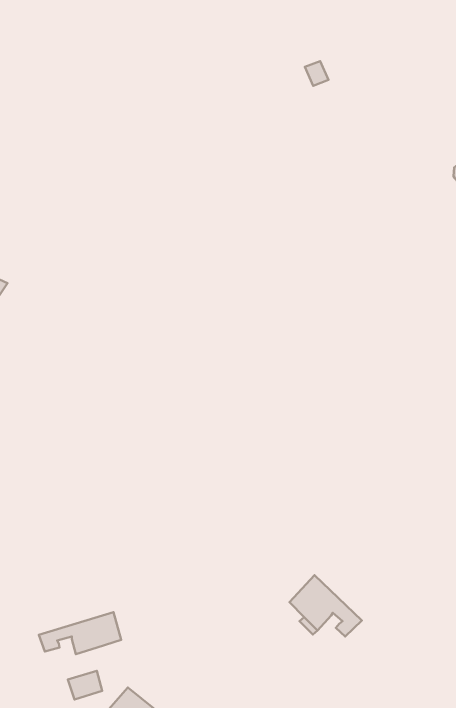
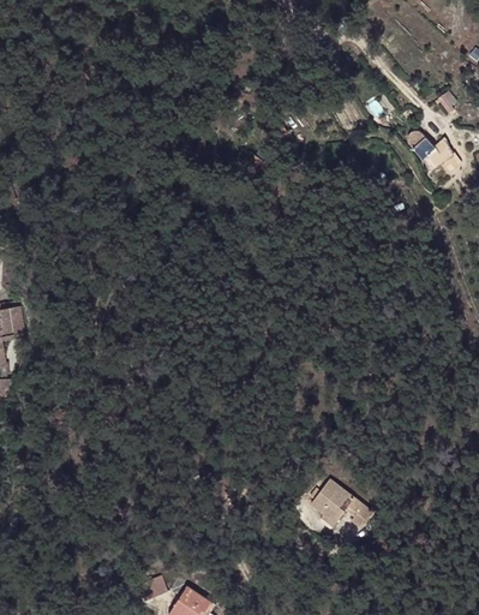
building: [39,612,121,654] -> none

